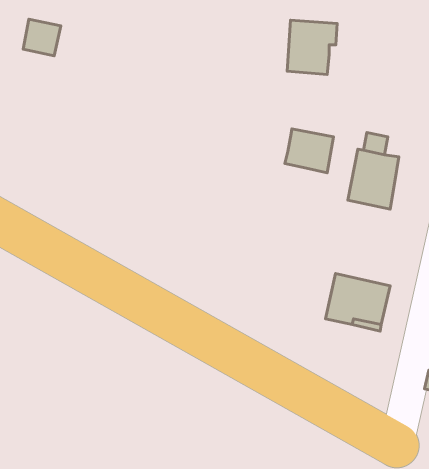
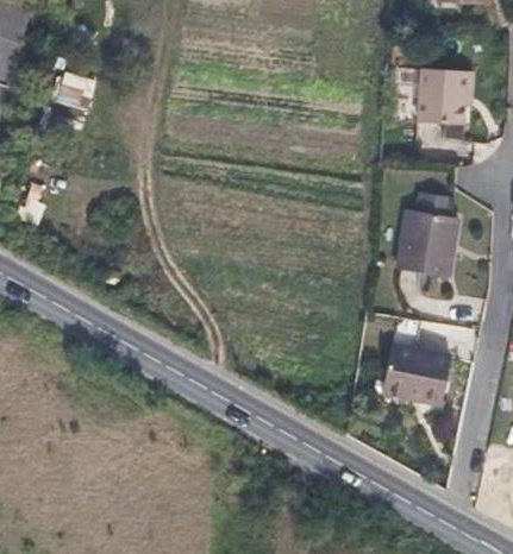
building: [287,20,337,75] -> [423,62,476,120]
building: [285,129,334,173] -> none

